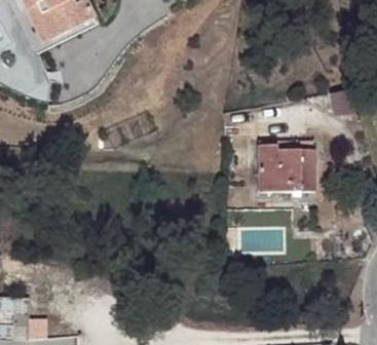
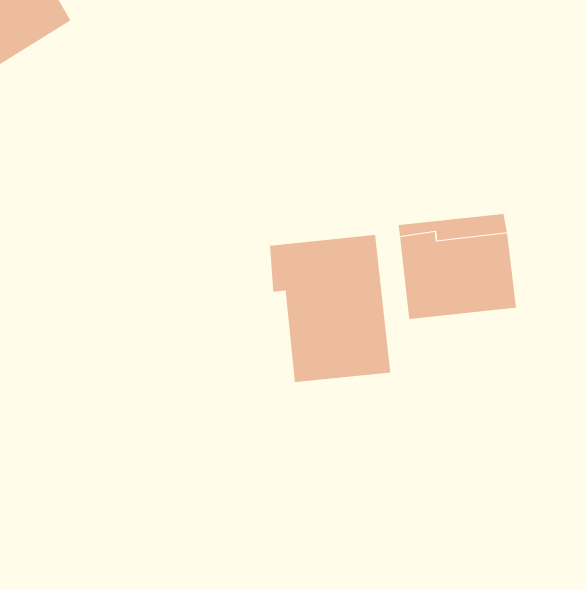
building: none -> [269,234,391,383]

